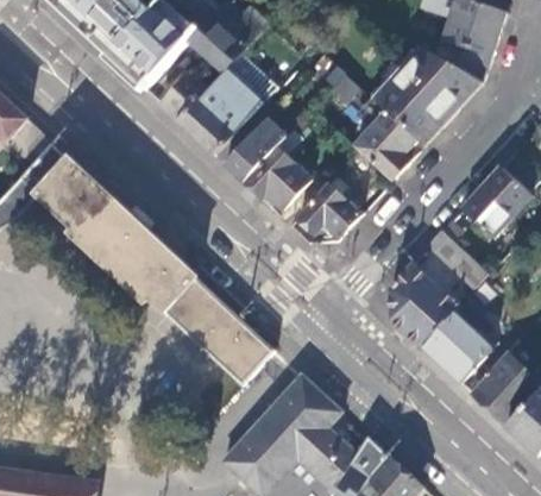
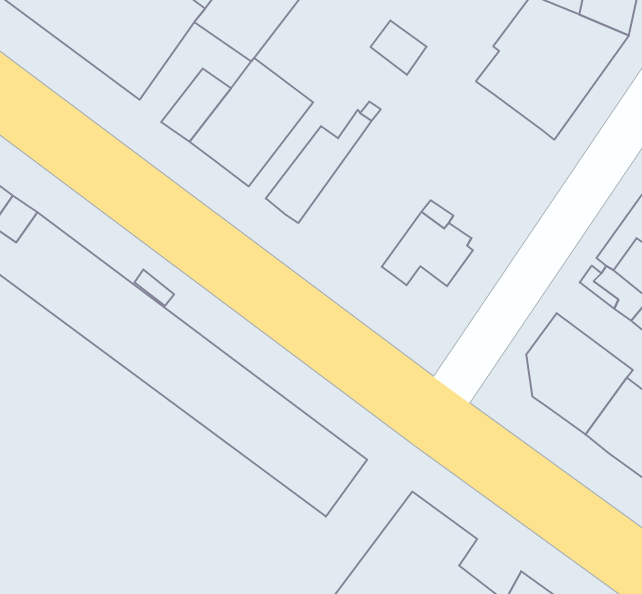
building: [354,111,416,180] -> none
building: [244,128,310,209] -> none

